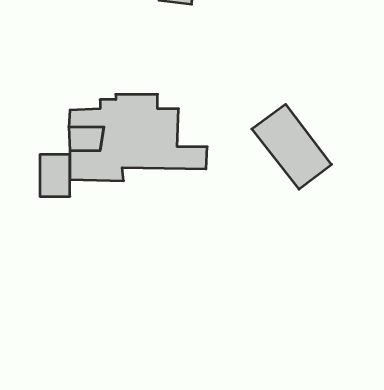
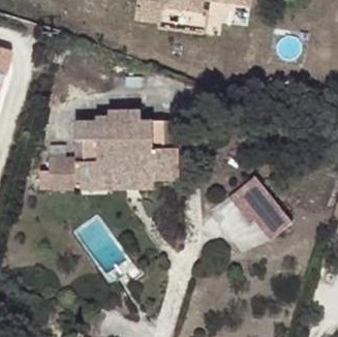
building: [252,104,332,189] -> [235,179,298,246]
building: none -> [78,153,185,176]

